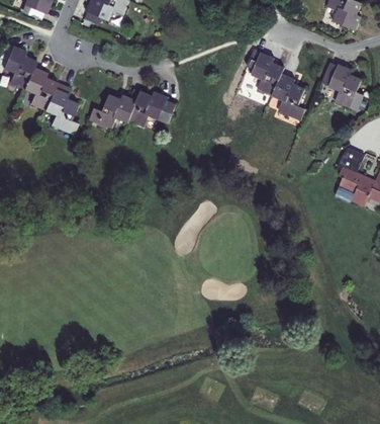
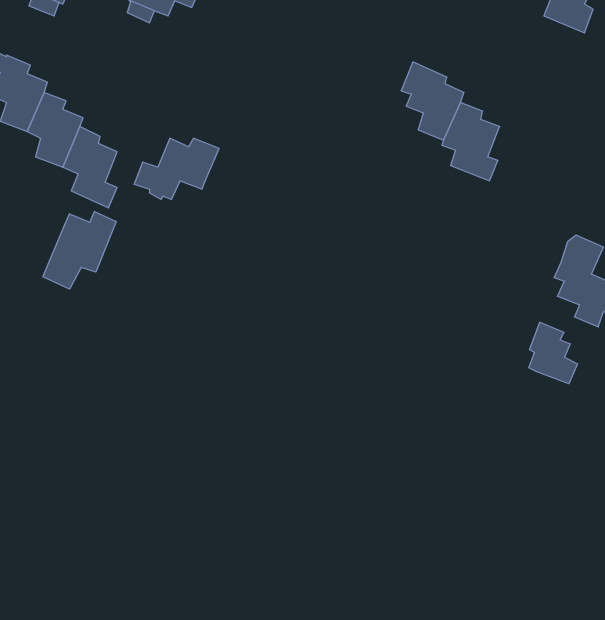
building: [319,62,362,109] -> none
building: [128,89,176,126] -> none
building: none -> [43,211,116,289]
building: none -> [529,322,577,384]

